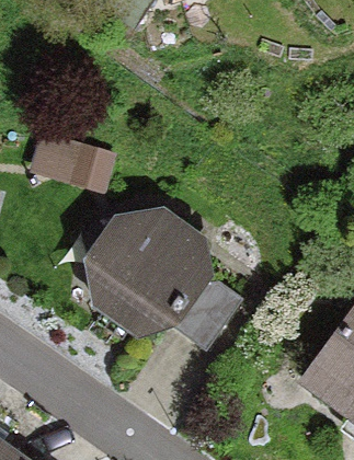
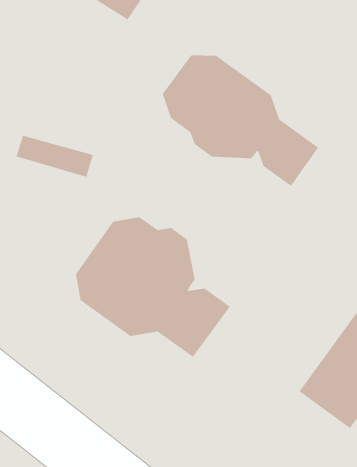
building: none -> [162,55,319,187]

